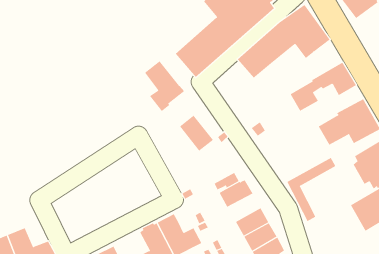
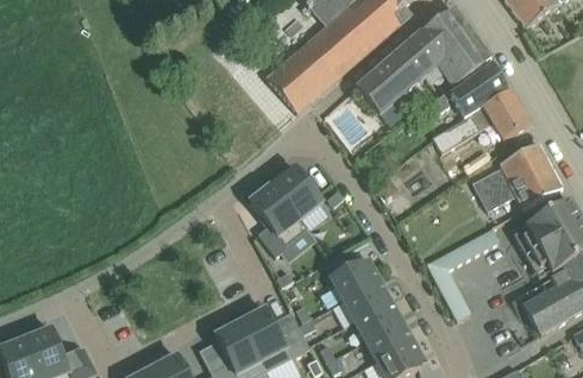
building: none -> [432,61,508,115]
building: [144,61,185,112] -> [250,182,308,256]
building: none -> [341,278,390,319]

